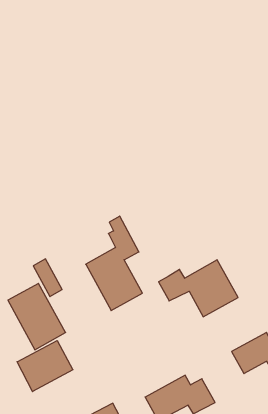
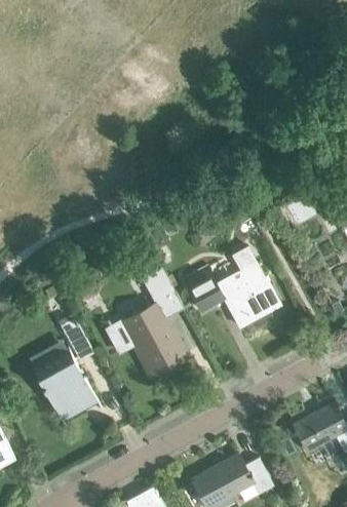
building: [159,260,238,317] -> [188,262,281,328]
building: [17,341,73,392] -> none

